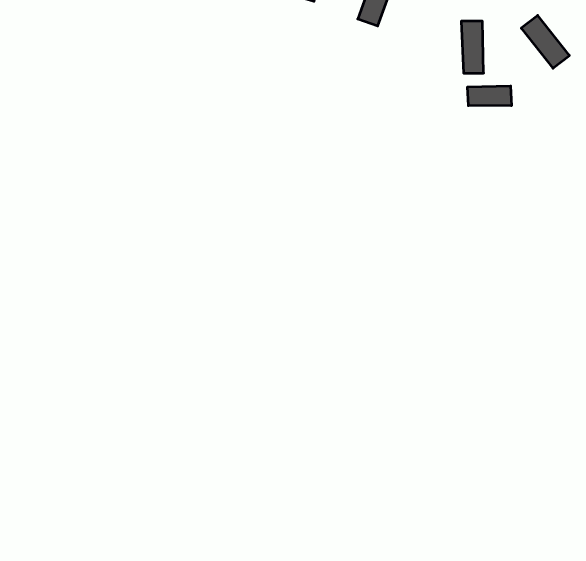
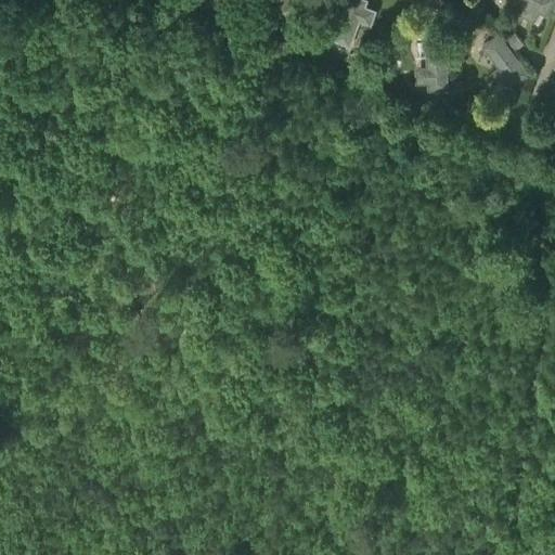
building: [468,86,511,106] -> none

